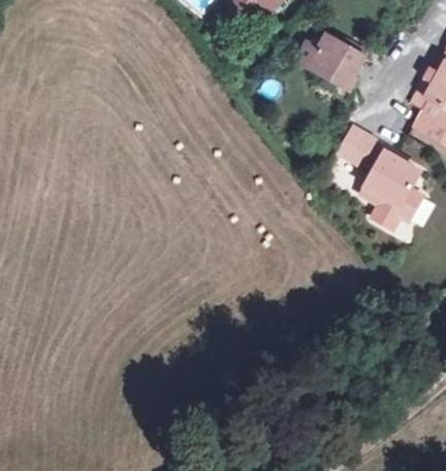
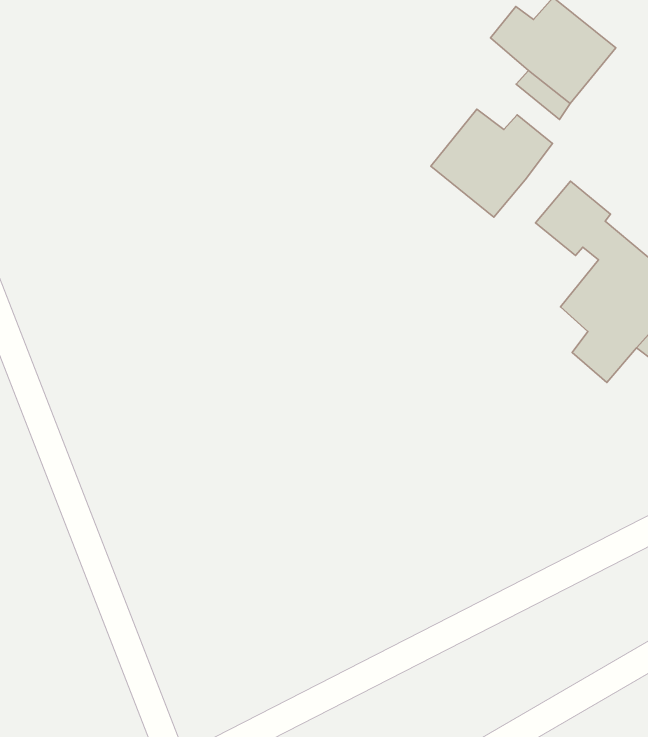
building: none -> [431,109,553,217]

